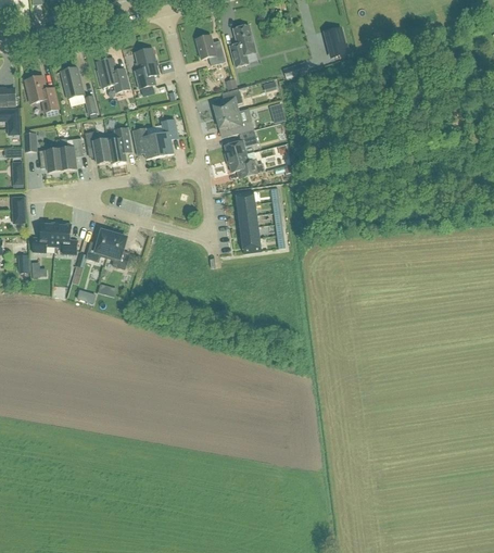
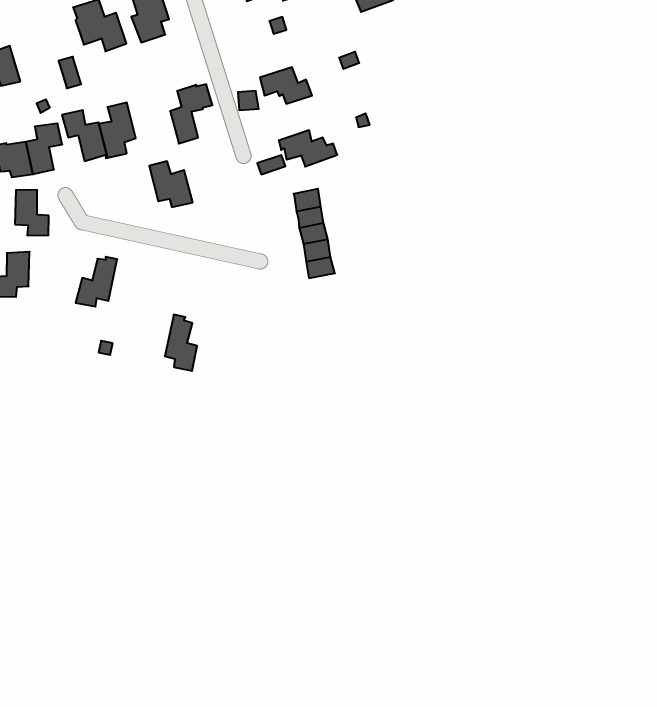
building: [60,65,84,97] -> none
building: [213,87,242,115] -> none
building: [132,127,160,158] -> [149,161,193,207]
building: [224,128,257,158] -> none
building: [54,221,77,252] -> [15,190,49,235]
building: [106,229,128,267] -> [165,315,197,371]

